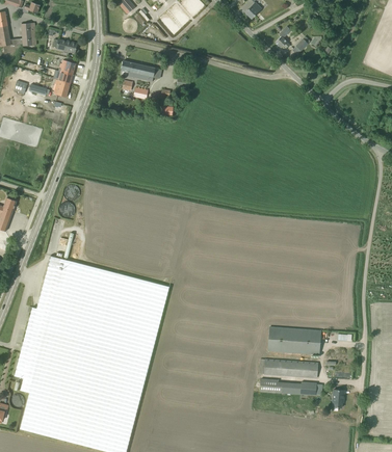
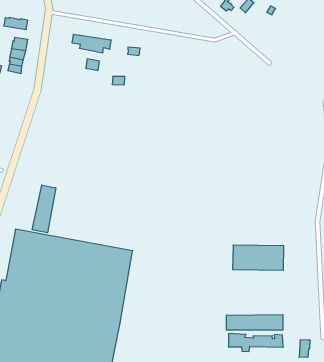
building: none -> [32,185,56,233]
building: [267,325,321,354] -> [233,245,284,270]

